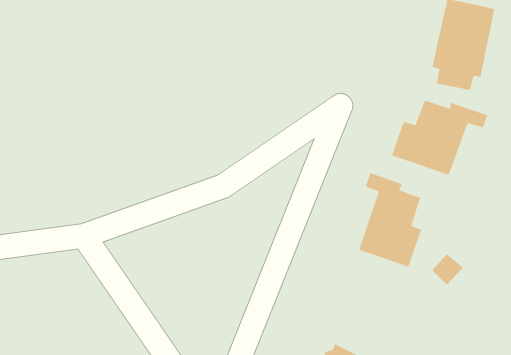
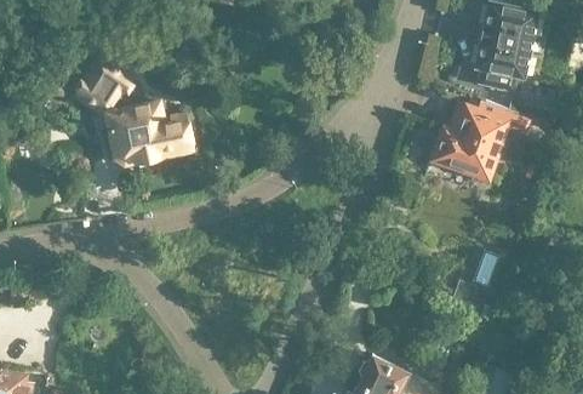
building: none -> [78,61,192,165]
building: [359,172,422,268] -> none

